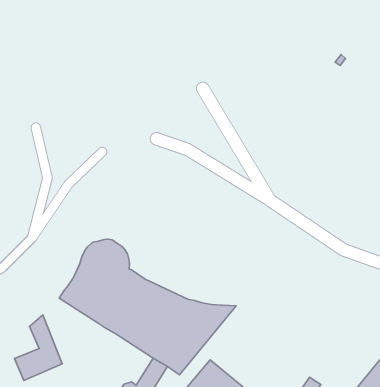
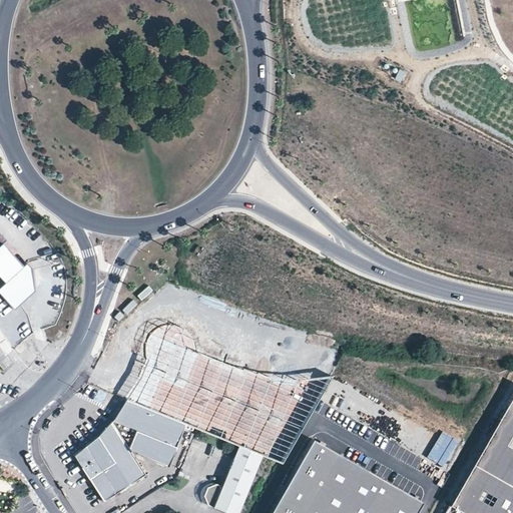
building: none -> [113,400,186,467]
building: none -> [74,438,115,477]

